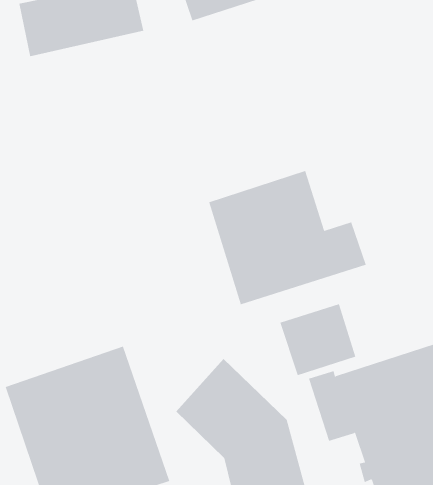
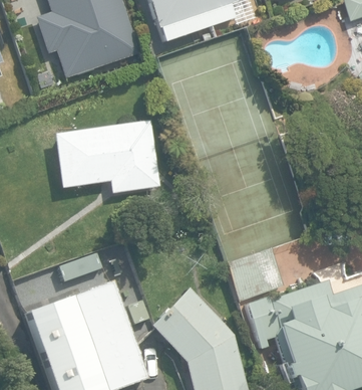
building: none -> [53,119,161,193]
building: [208,170,367,305] -> none

